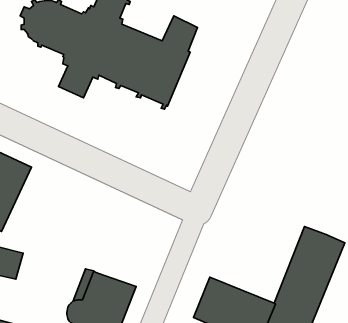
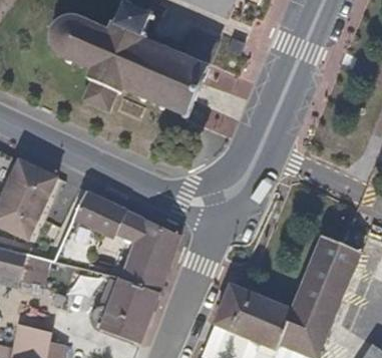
building: none -> [55,191,180,293]

